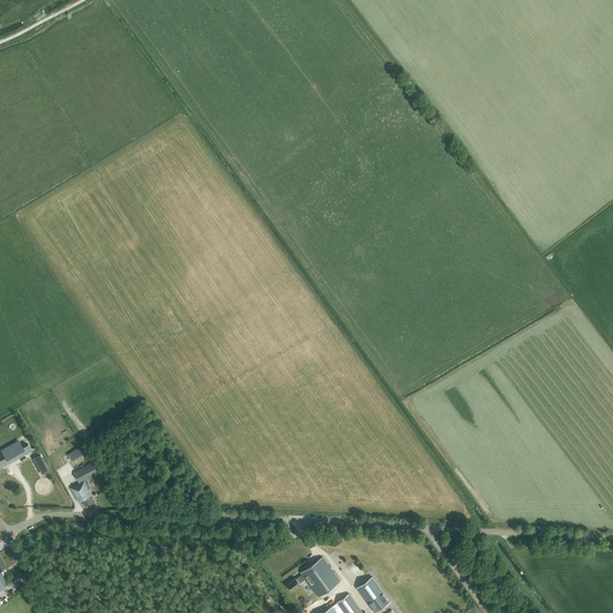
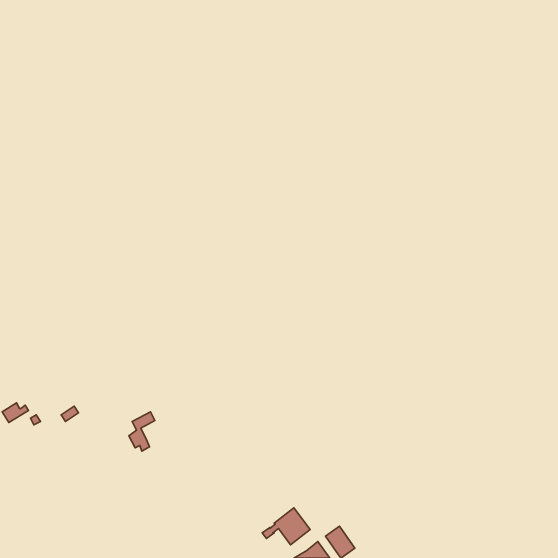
building: [71,462,99,505] -> [129,412,155,451]

